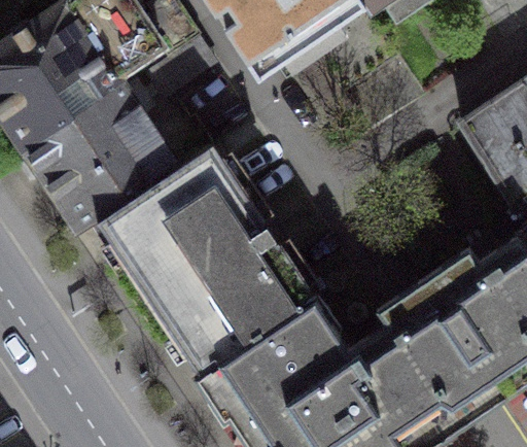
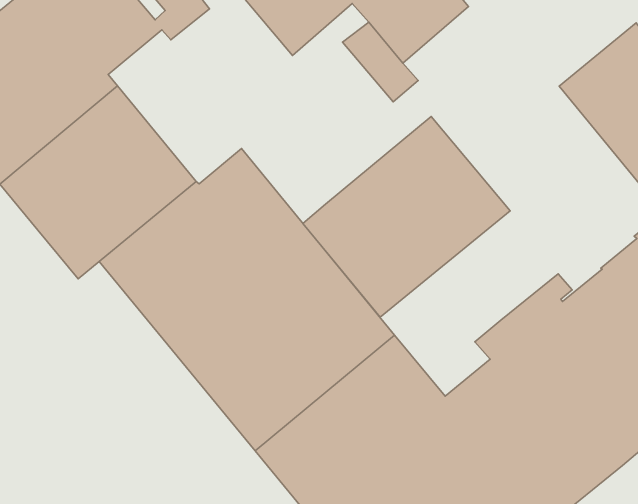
building: none -> [303,117,510,317]

